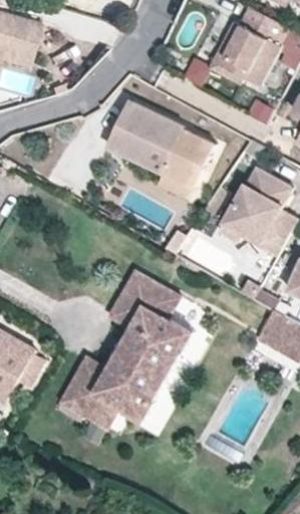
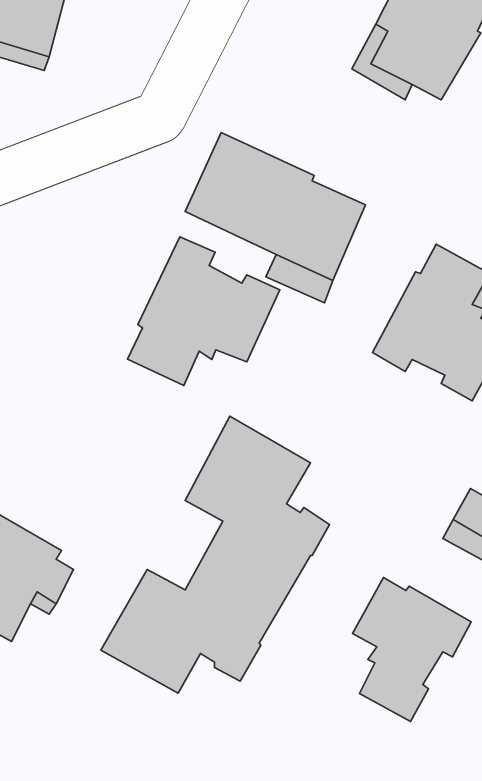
building: none -> [127,237,280,385]
building: none -> [352,578,471,722]

